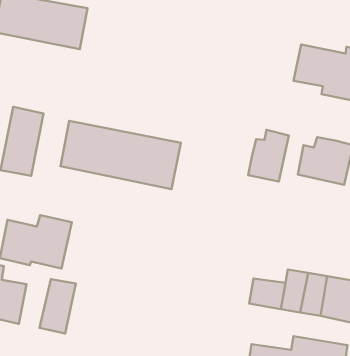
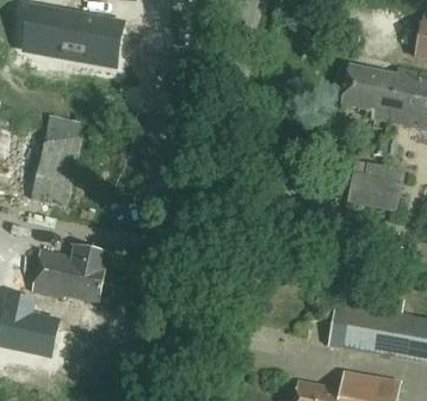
building: [60,121,181,189] -> none
building: [248,130,289,182] -> none
building: [249,279,285,309] -> none
building: [40,279,76,334] -> none

